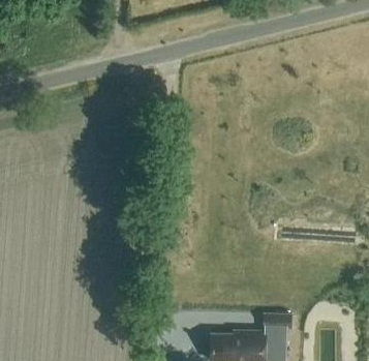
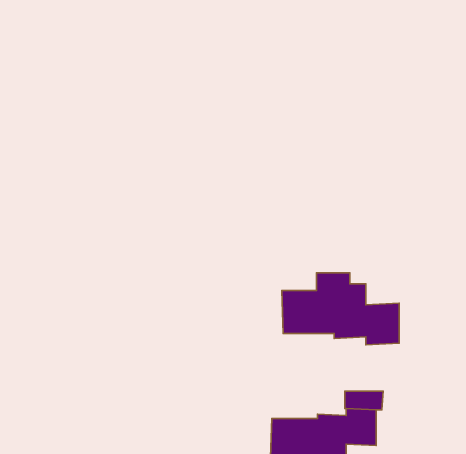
building: none -> [282,273,399,345]

